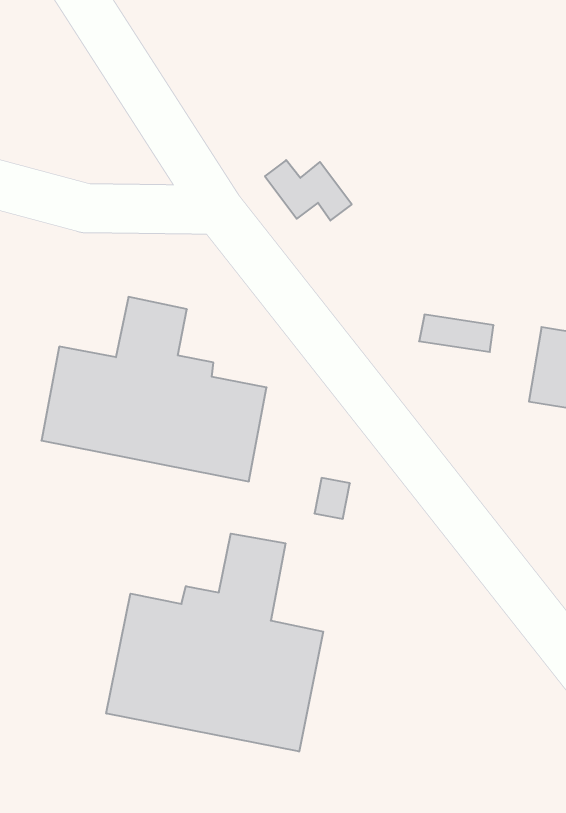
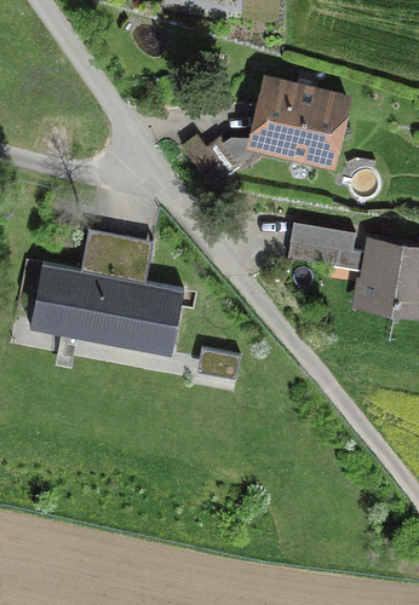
building: none -> [253,81,349,159]
building: [106,534,323,752] -> none

